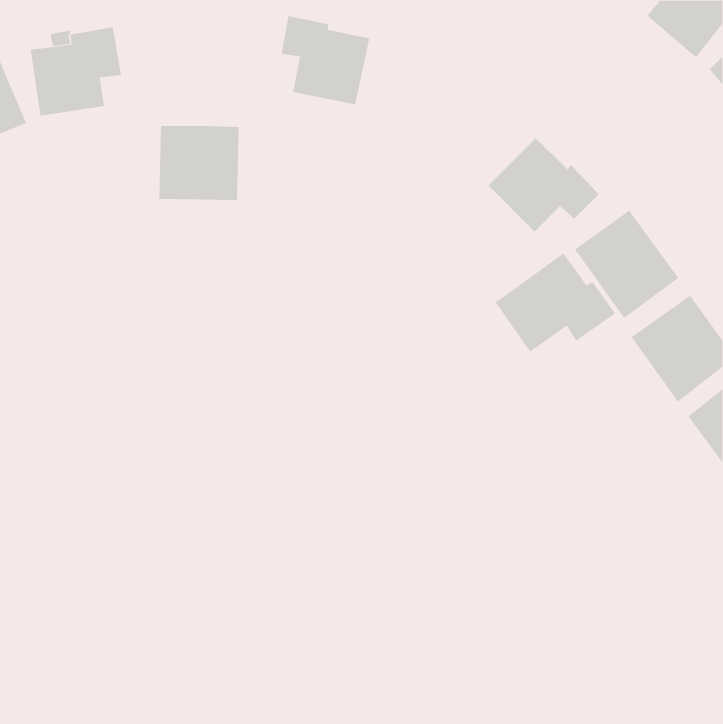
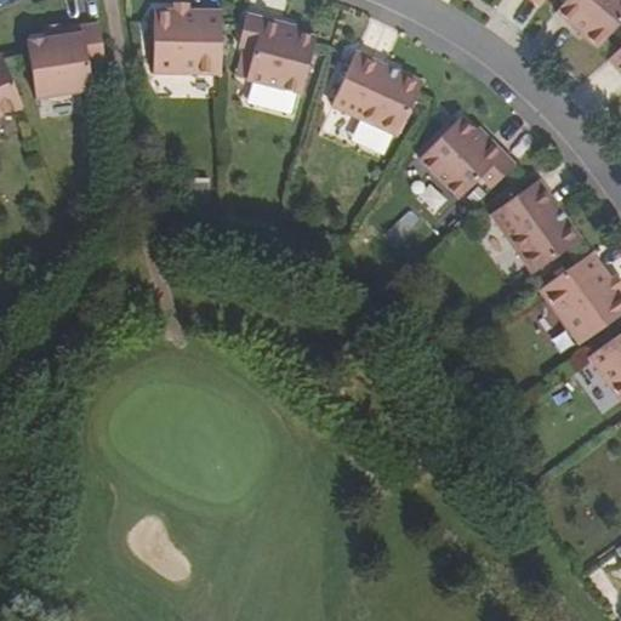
building: none -> [332,46,423,131]
building: [159,125,239,201] -> [152,11,221,75]
building: [495,252,616,352] -> none

